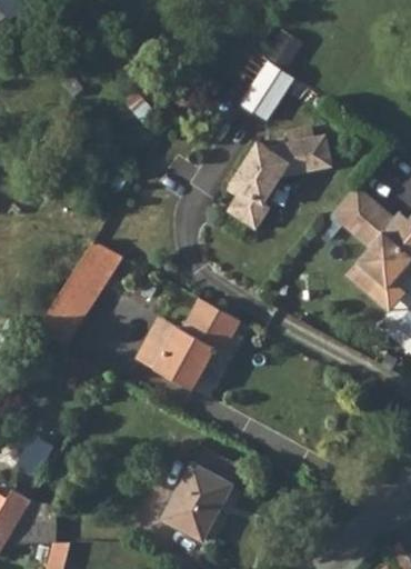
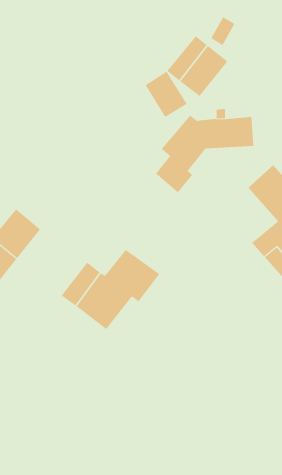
building: none -> [145,71,187,118]
building: [78,236,128,286] -> none
building: [160,465,229,540] -> none

